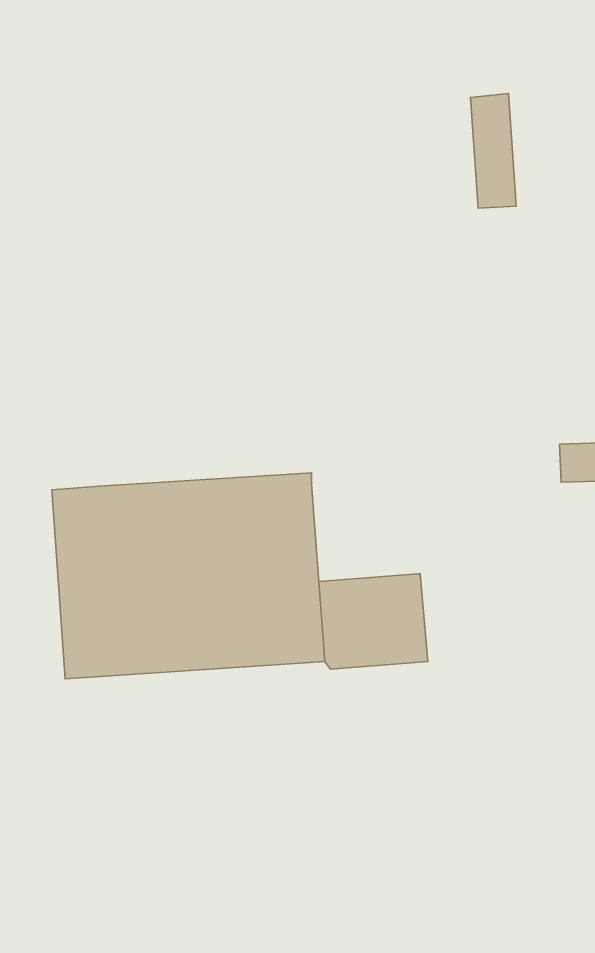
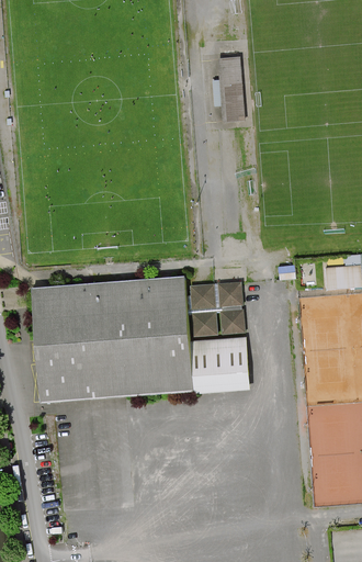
building: [470,94,516,208] -> [216,56,242,122]
building: none -> [181,282,242,342]

